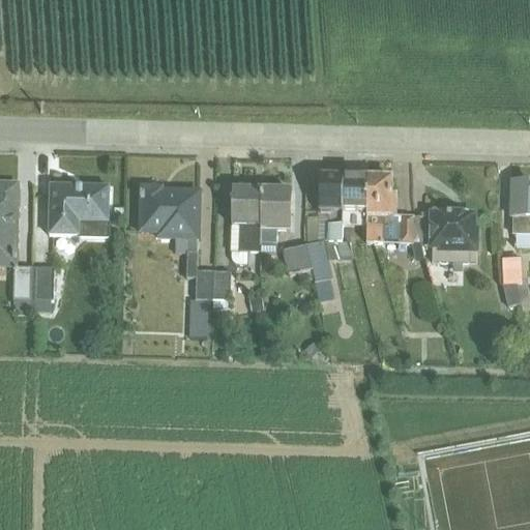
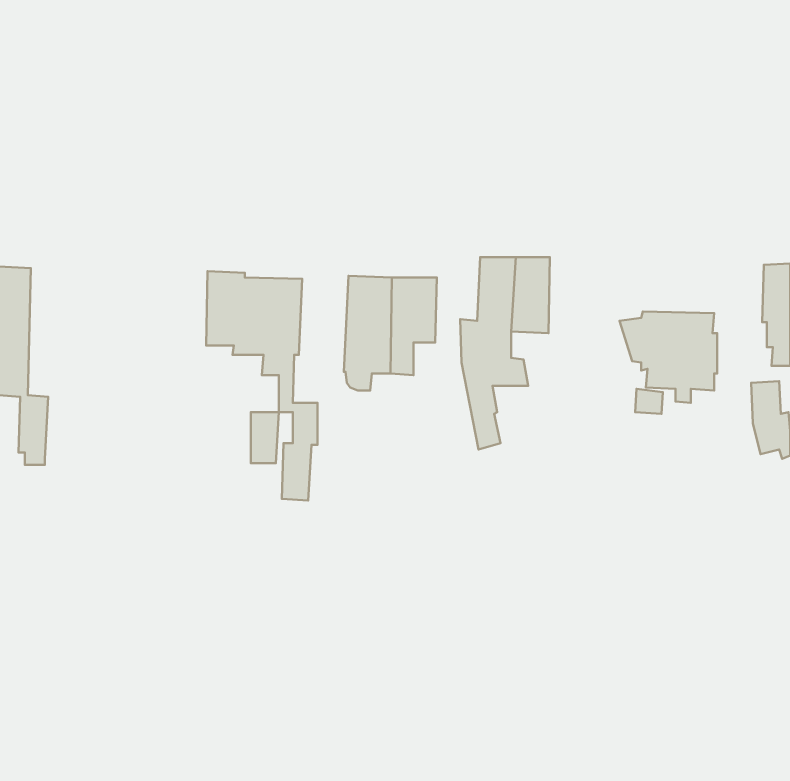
building: [365,172,424,259] -> none
building: [49,181,110,234] -> none
building: [282,242,314,278] -> none
building: [30,265,54,307] -> none
building: [212,269,231,303] -> [251,412,279,463]

